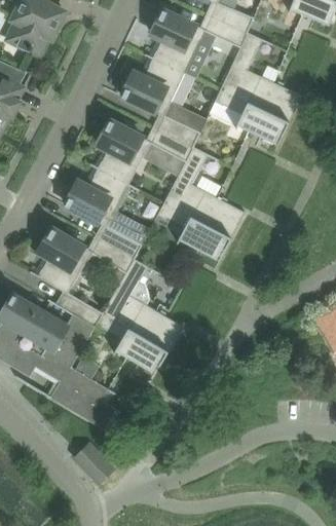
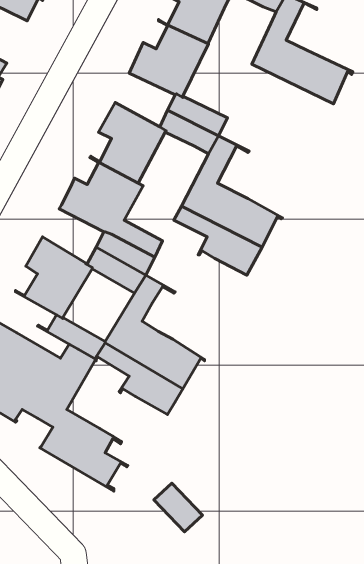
building: [214,88,286,142] -> none
building: [74,443,113,482] -> [154,483,202,532]

